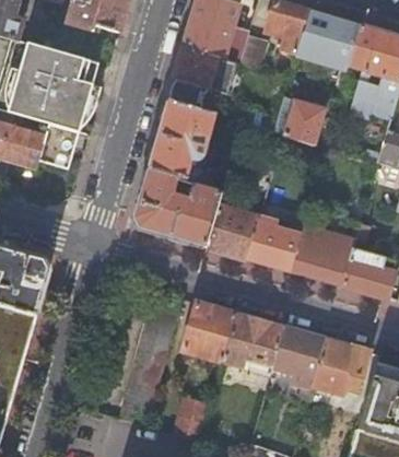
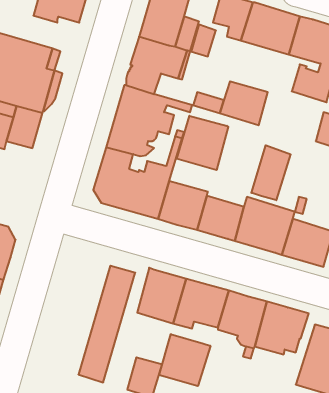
building: none -> [177,116,228,170]
building: none -> [251,145,291,200]
building: none -> [159,334,210,386]

